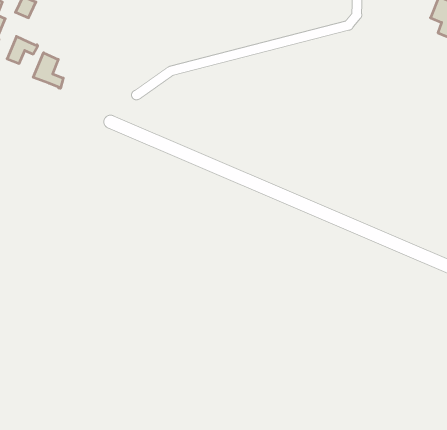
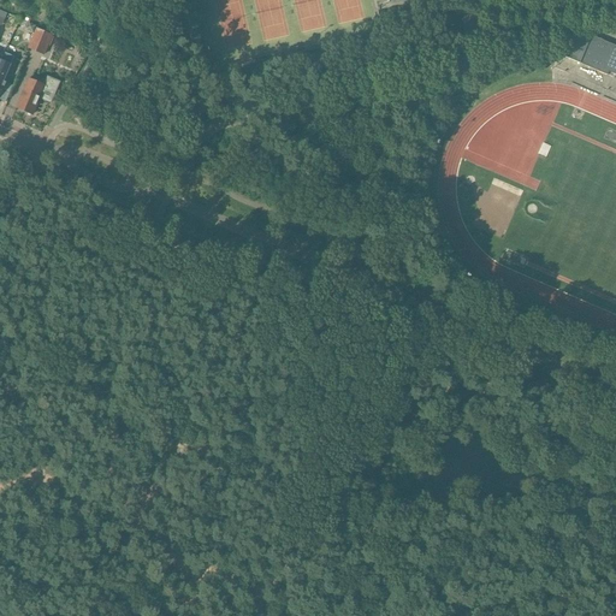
building: [33,53,63,88] -> none

